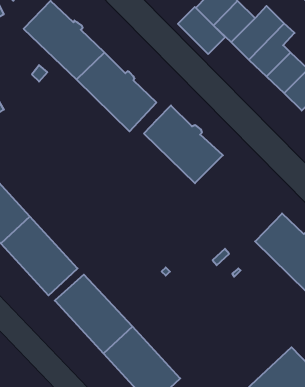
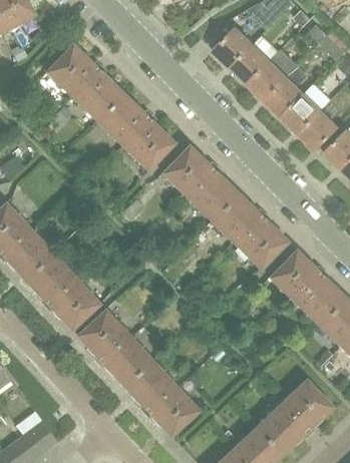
building: [178,7,225,54] -> none
building: none -> [212,194,287,269]

